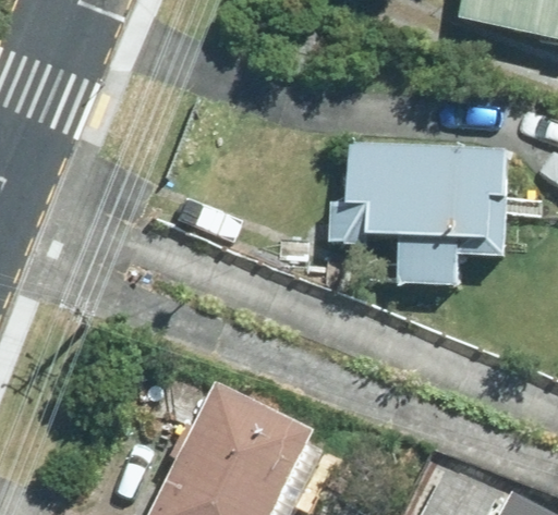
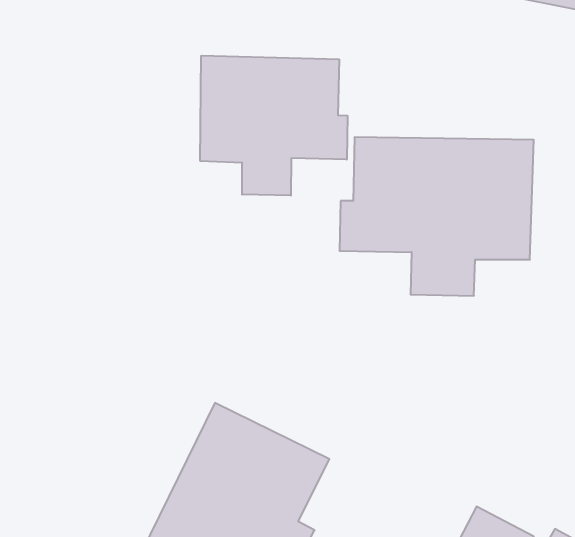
building: none -> [200,56,347,196]

